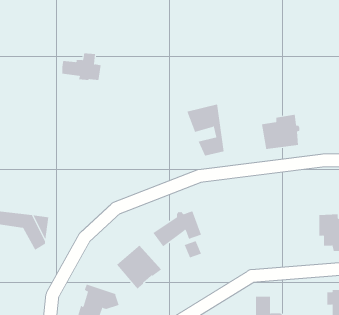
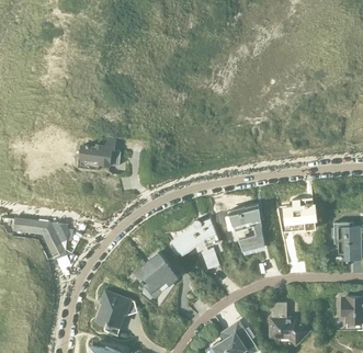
building: [61,53,101,81] -> [81,139,121,167]
building: [187,104,224,156] -> [227,203,264,254]
building: [260,114,300,150] -> [276,198,316,234]

